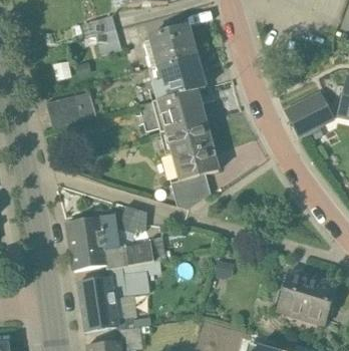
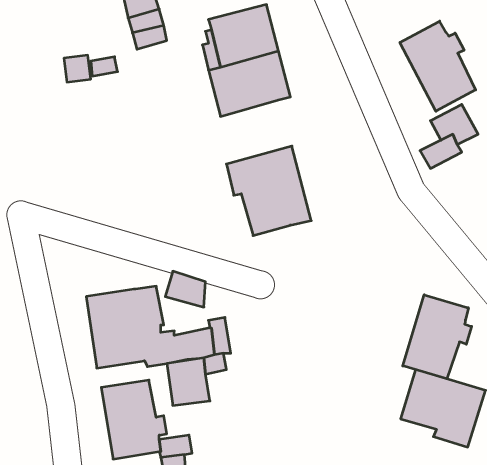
building: none -> [400,21,476,111]
building: [151,88,206,131] -> none
building: [46,93,82,126] -> none
building: [170,172,211,208] -> none
building: none -> [403,295,472,379]

